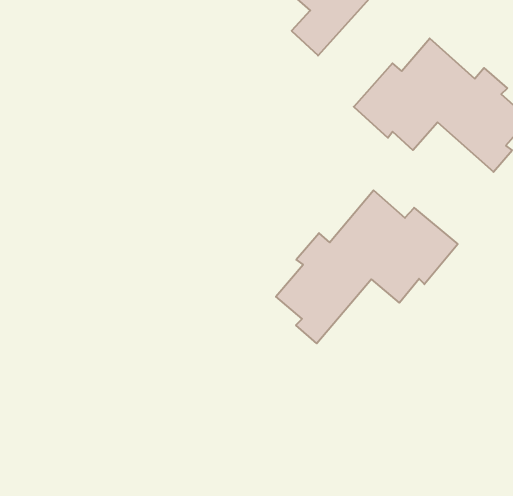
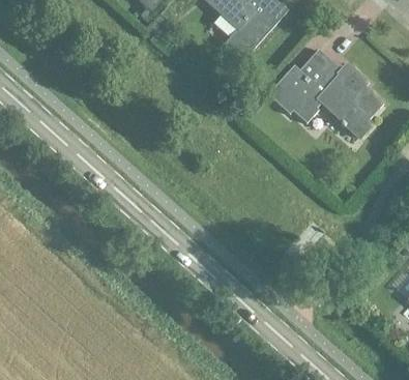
building: [276,190,458,343] -> none

